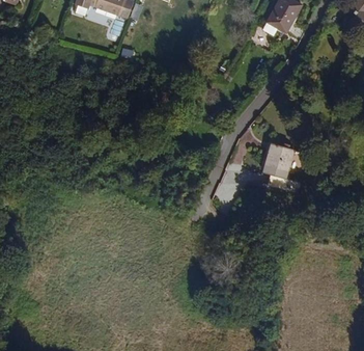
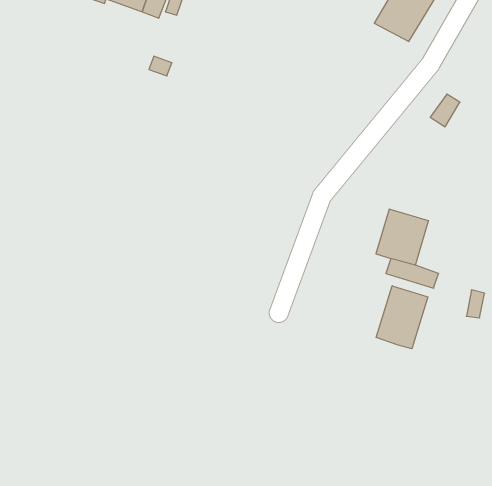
building: none -> [376,286,428,349]

